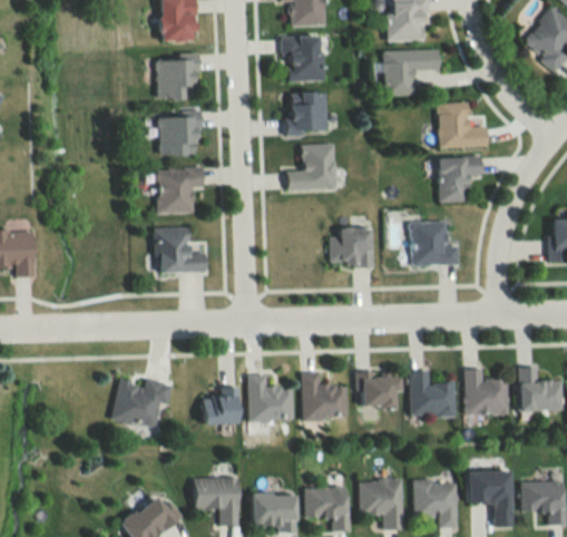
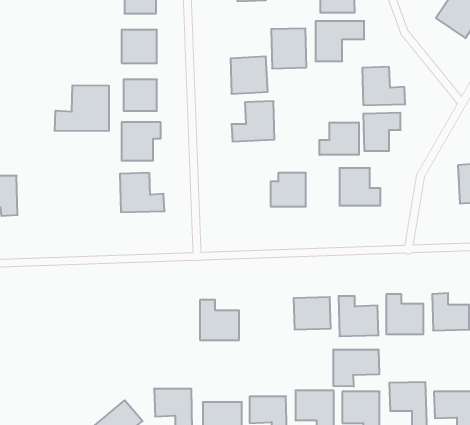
building: [282,35,323,81] -> [271,28,306,68]
building: none -> [55,85,109,131]
building: none -> [319,122,359,155]
building: [303,372,348,420] -> none
building: [113,377,172,427] -> none
building: [204,389,237,423] -> none
building: none -> [333,349,379,387]

